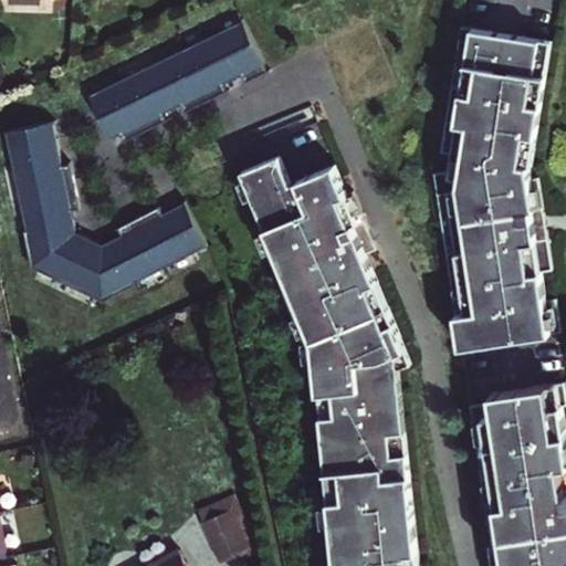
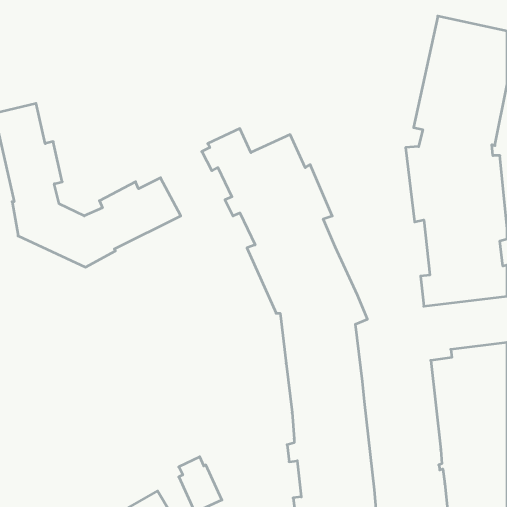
building: [85,27,263,147] -> none

